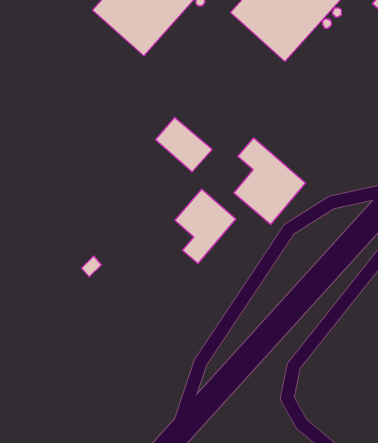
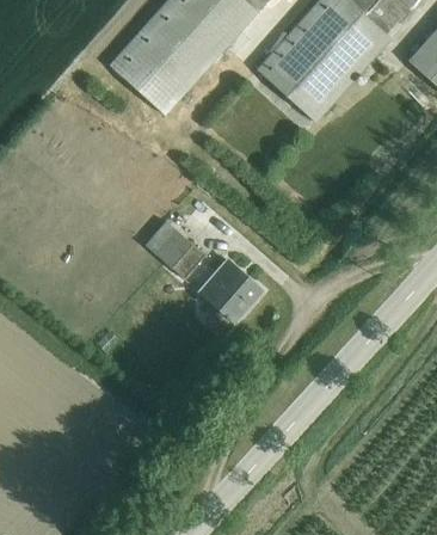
building: [155,117,212,172] -> [146,221,207,279]
building: [234,138,306,224] -> none

